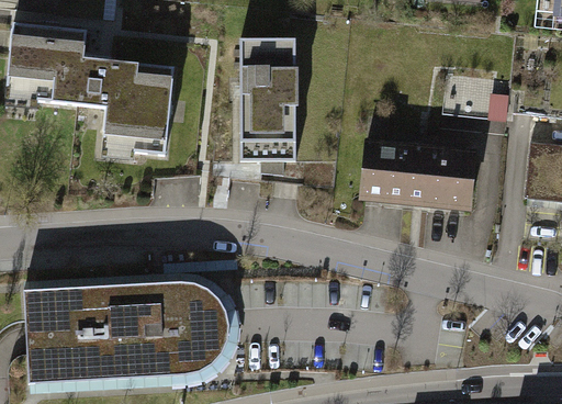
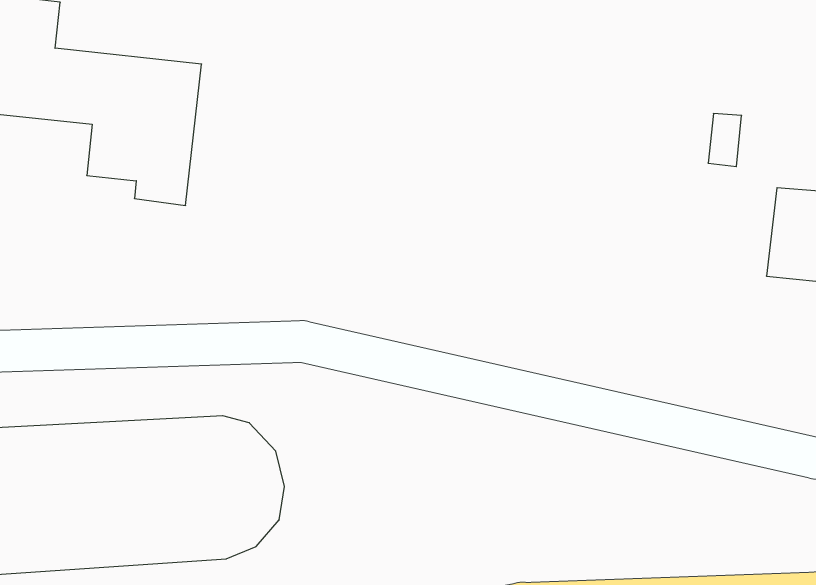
building: [238,38,294,176] -> none
building: [359,143,484,212] -> none

